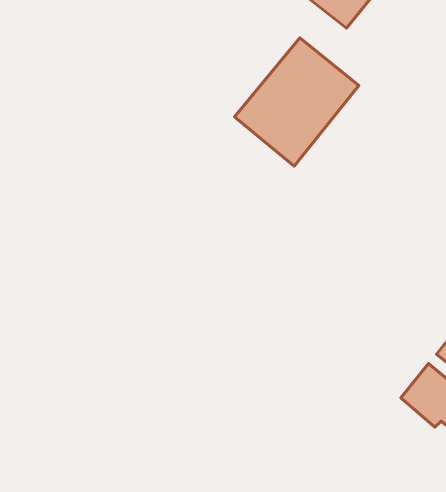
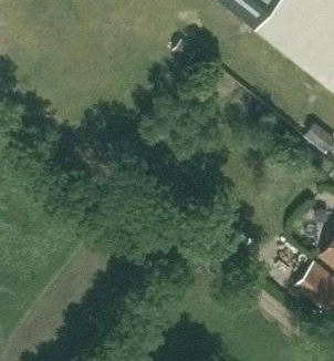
building: [235,38,359,166] -> none

